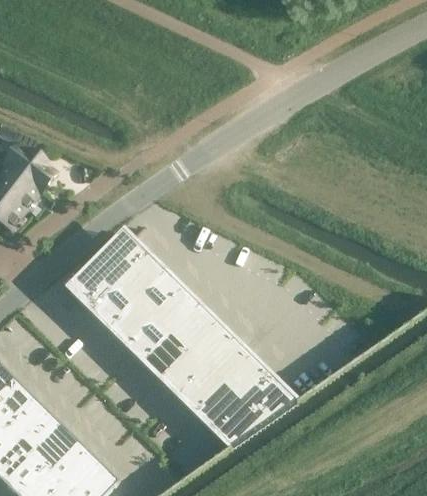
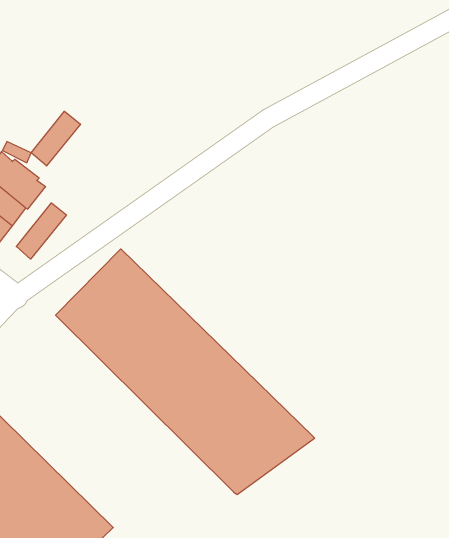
building: none -> [31,111,81,166]
building: none -> [16,203,66,259]

